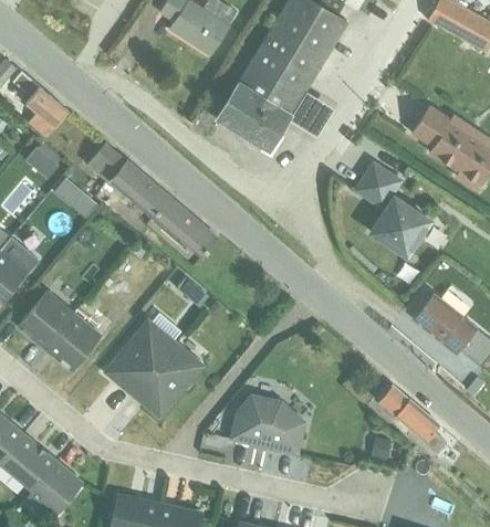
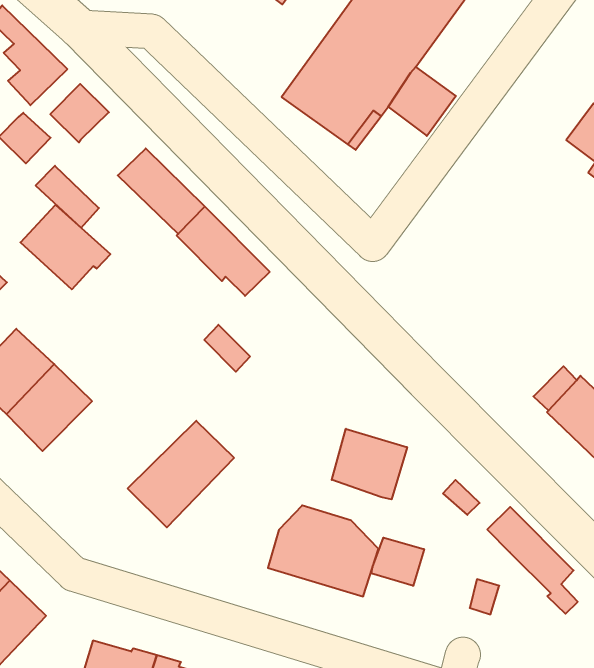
building: [86,143,126,182] -> [50,84,109,142]
building: [356,164,431,256] -> none
building: none -> [20,205,110,289]
building: [106,320,175,392] -> none
building: none -> [332,429,407,499]
building: none -> [371,538,424,586]

